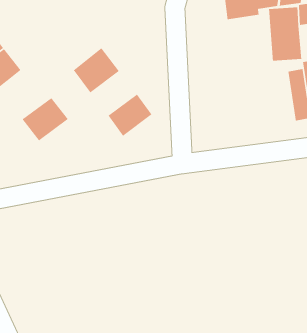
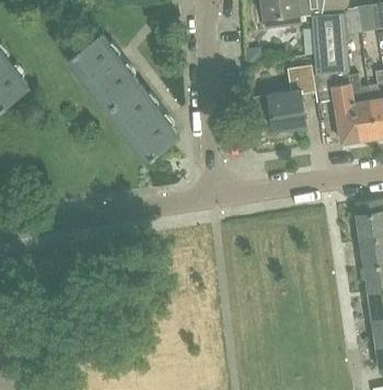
building: none -> [69,33,121,85]
building: none -> [266,64,315,131]
building: [22,97,69,142] -> [108,86,162,137]

